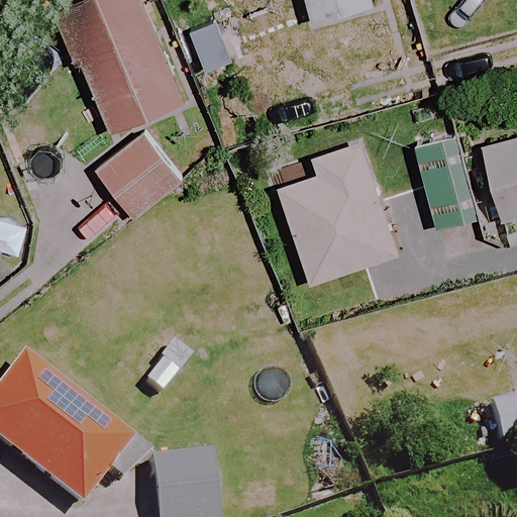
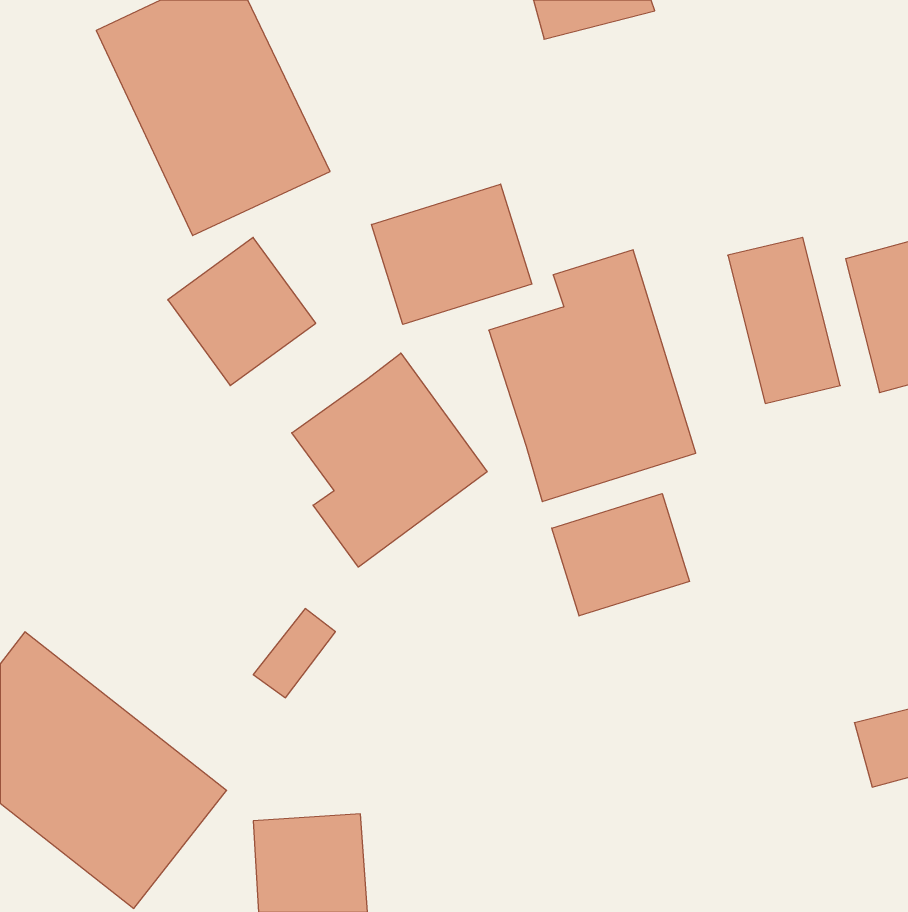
building: none -> [372,184,532,324]
building: none -> [292,353,487,567]
building: none -> [552,494,690,616]

